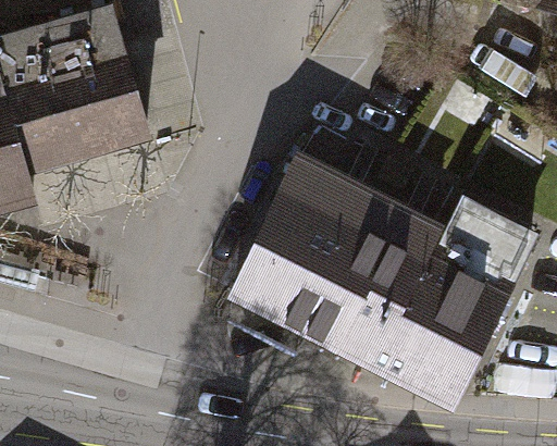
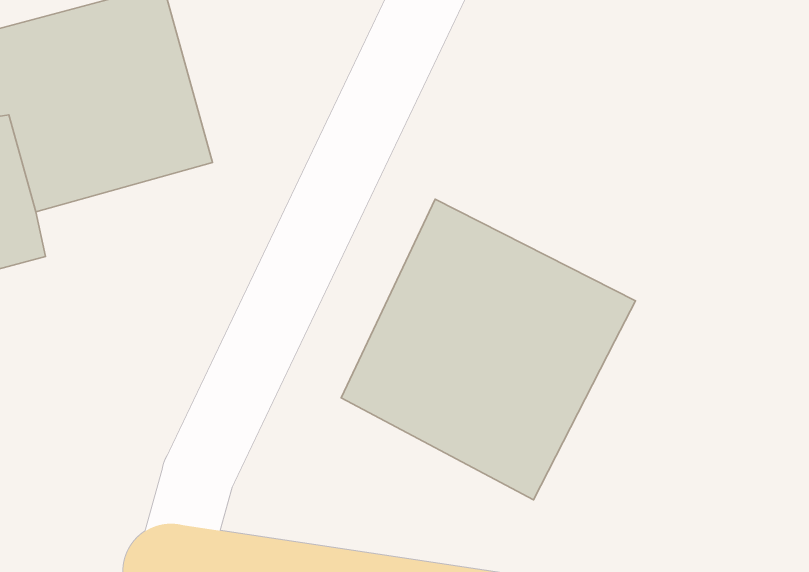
building: [367,206,532,401] -> none

